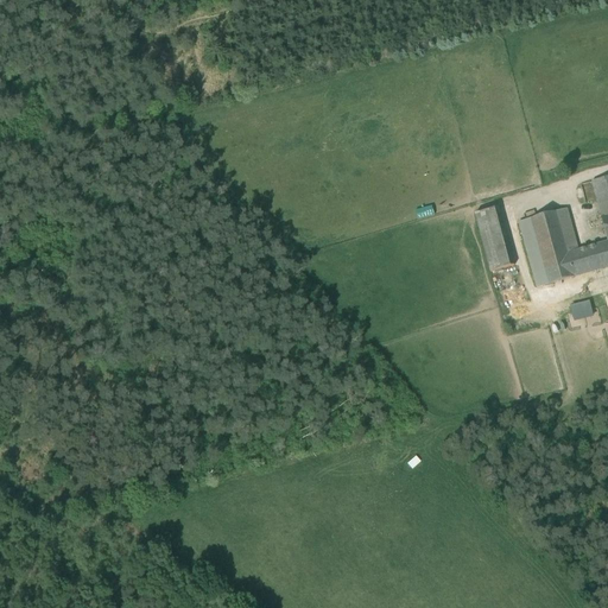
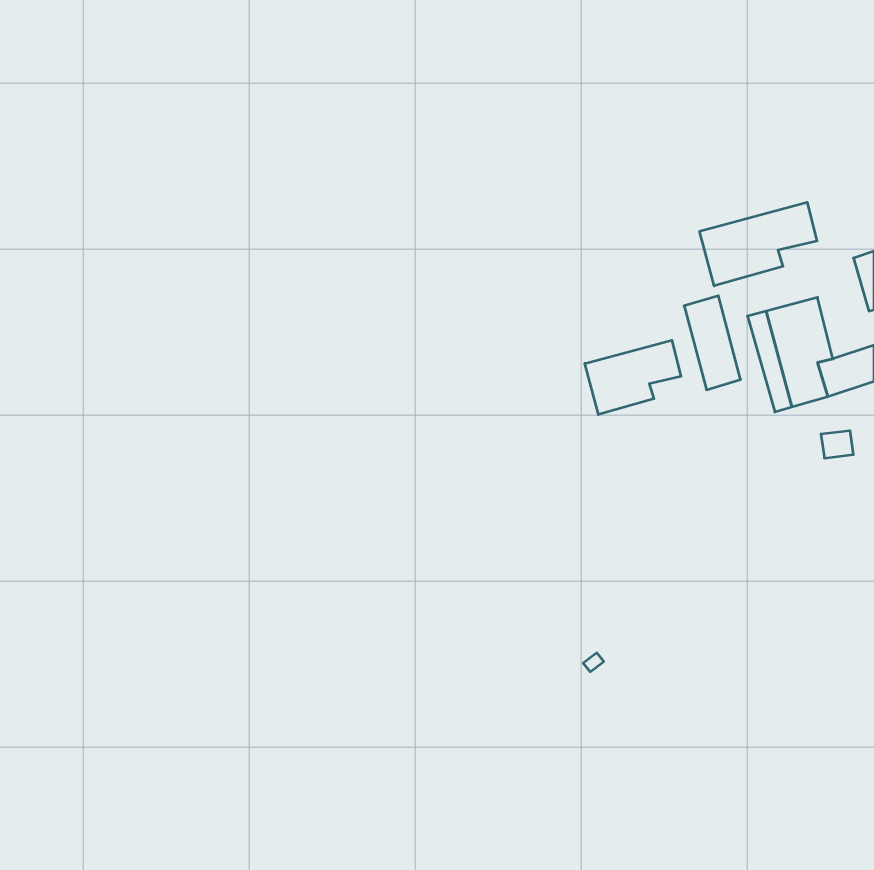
building: none -> [700,202,817,286]
building: none -> [585,340,681,415]

